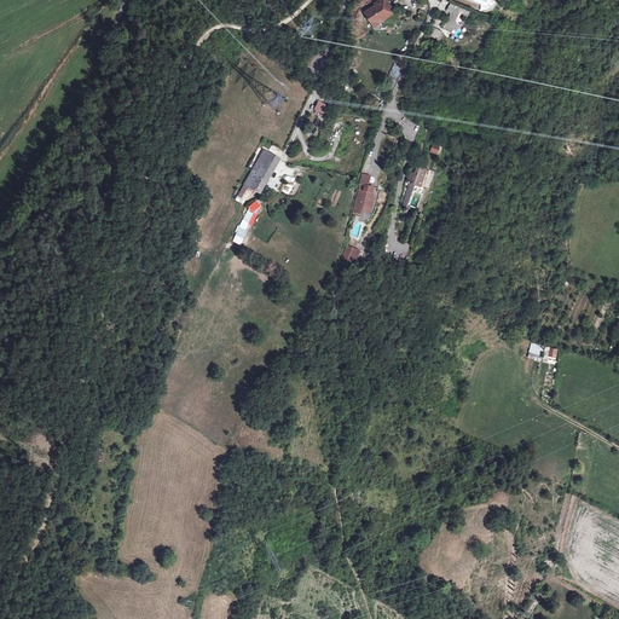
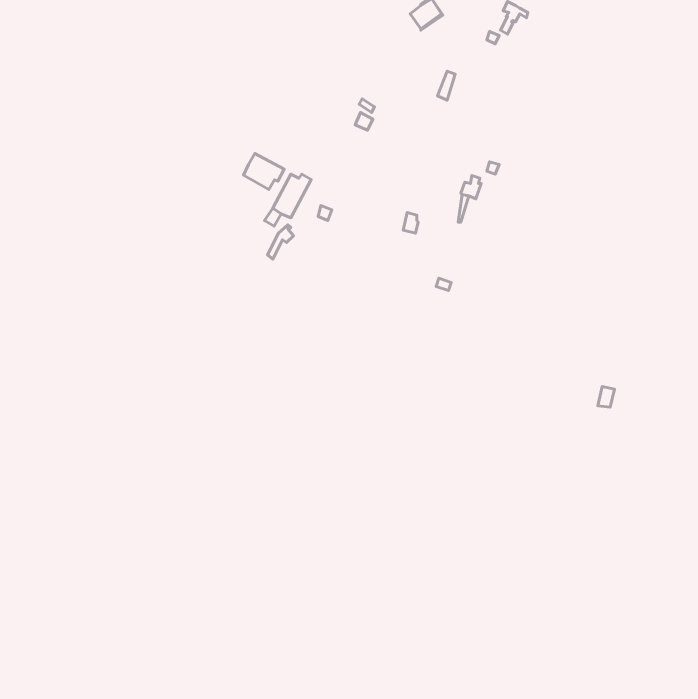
building: none -> [243,154,284,190]

